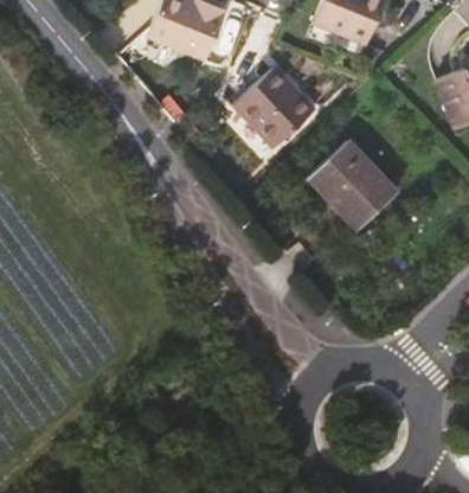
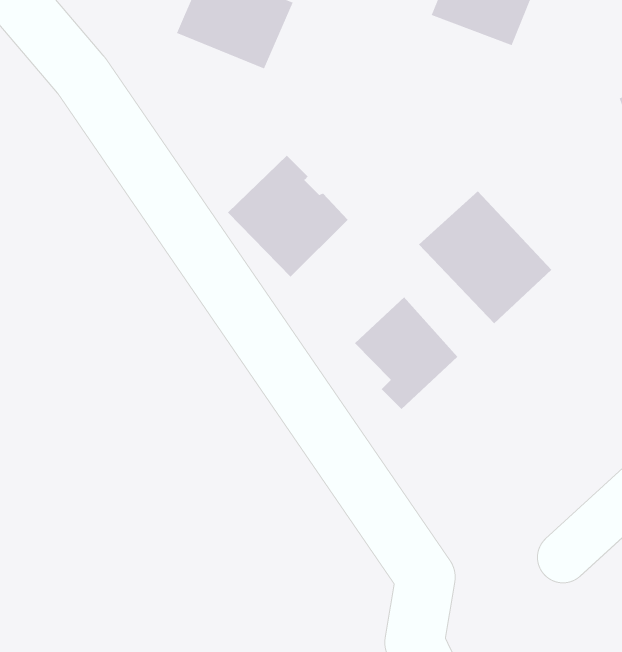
building: [236,68,315,148] -> [227,155,348,278]
building: none -> [354,296,458,410]

